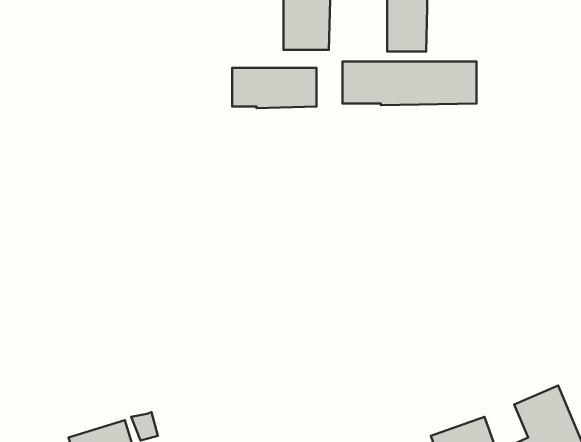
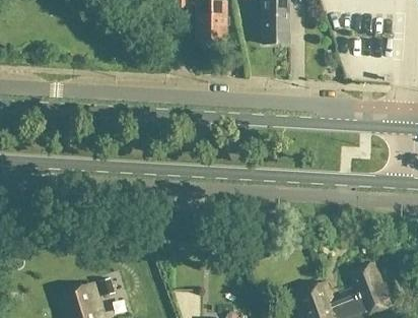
building: [342,62,476,105] -> none
building: [232,68,316,108] -> none

